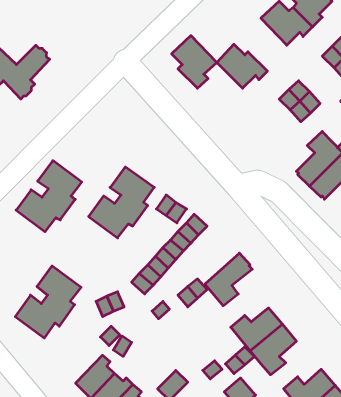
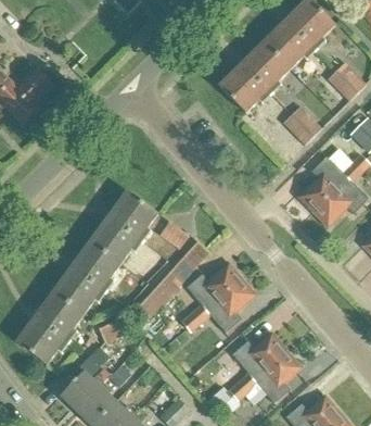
building: [172,36,217,88] -> [244,41,290,95]
building: [16,161,82,232] -> [53,241,119,313]
building: none -> [187,264,242,310]
building: none -> [62,369,104,410]

